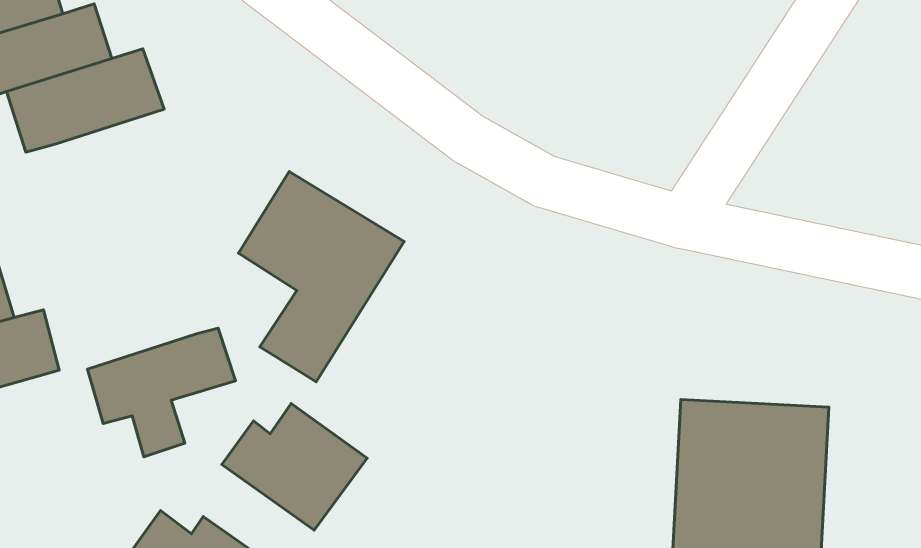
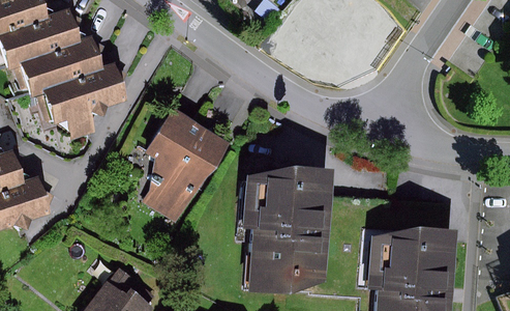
building: none -> [256,166,334,284]
building: [87,328,236,457] -> [44,68,123,137]
building: [222,403,367,530] -> none

